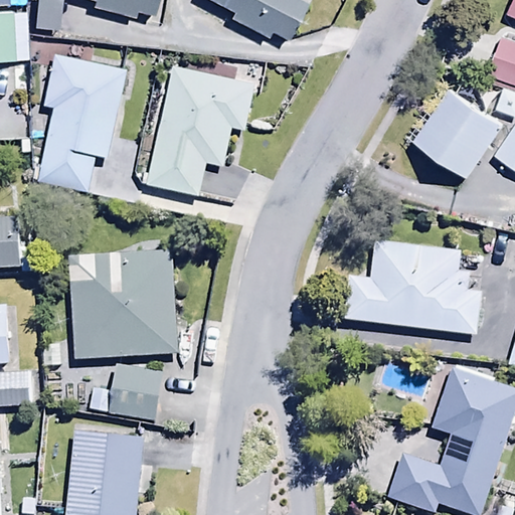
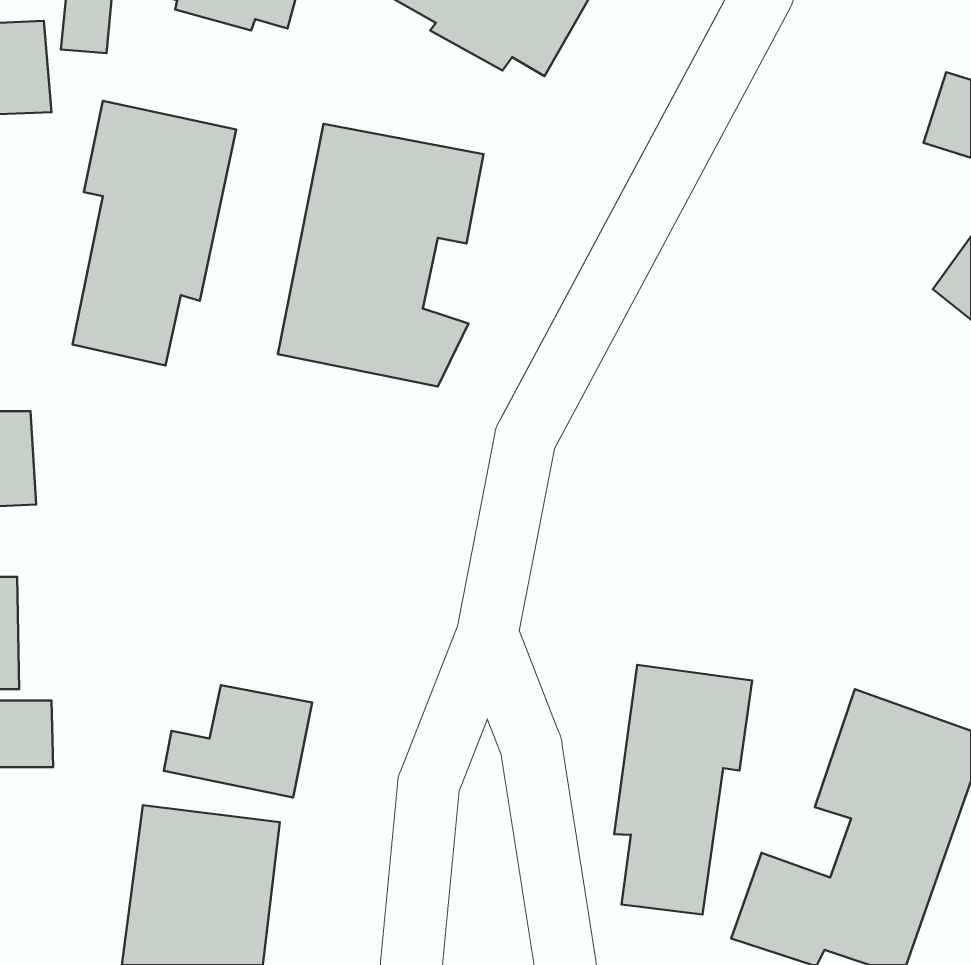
building: [411,85,503,176] -> none
building: [343,238,481,336] -> none
building: [68,248,178,359] -> none
building: none -> [614,665,752,915]

